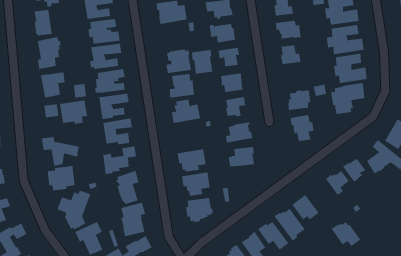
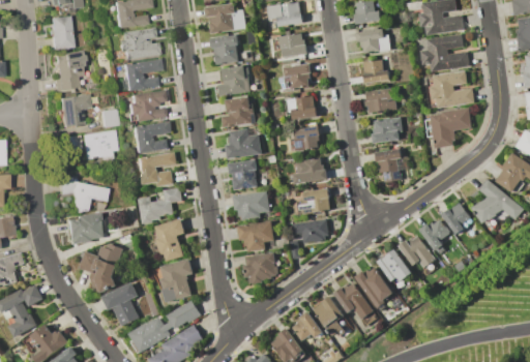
building: [191,50,213,74] -> [210,34,238,65]
building: none -> [363,87,398,114]
building: none -> [228,159,257,190]
building: none -> [292,219,328,243]
building: [331,221,361,247] -> [398,236,436,268]

